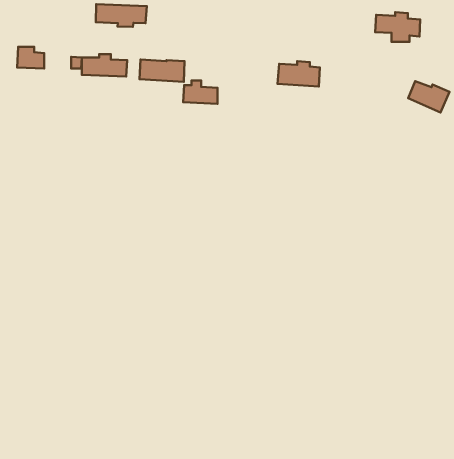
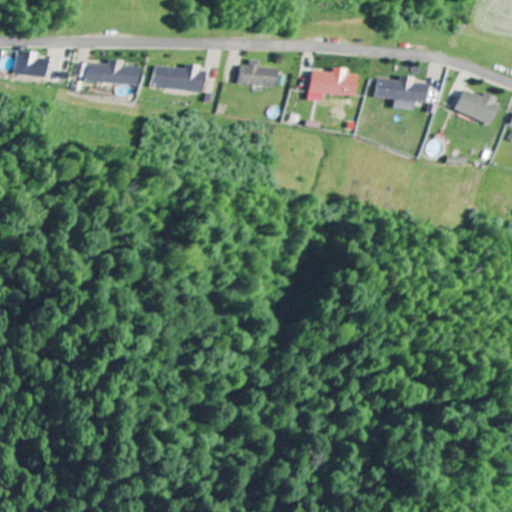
building: [96,4,147,27] -> none
building: [375,12,420,42] -> [375,76,425,109]
building: [183,81,218,104] -> [238,60,276,86]

